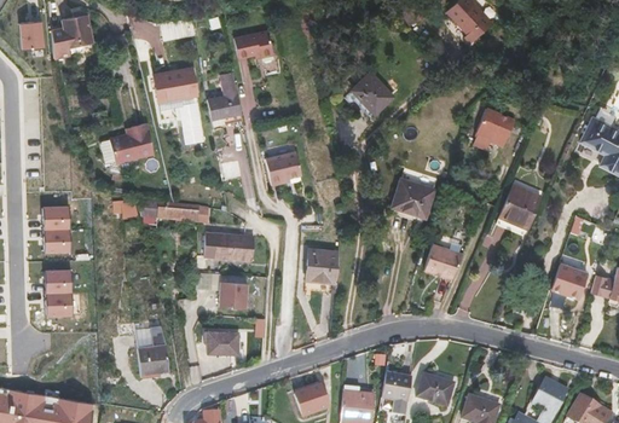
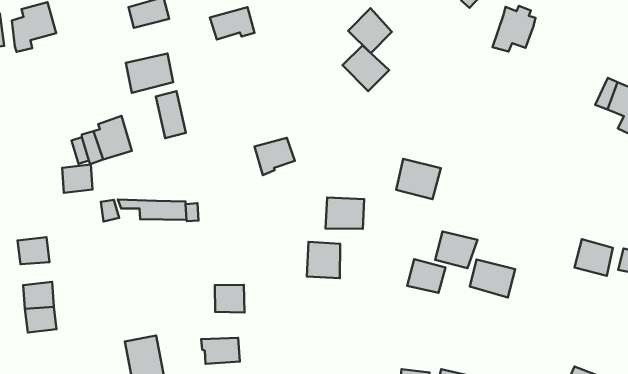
building: none -> [348,8,392,53]
building: [207,71,242,121] -> none
building: [473,108,514,149] -> [492,6,535,51]
building: [499,184,542,228] -> none
building: [44,205,70,230] -> [62,164,93,193]
building: none -> [326,197,364,229]
building: [203,231,255,261] -> none
building: none -> [407,259,445,293]
building: none -> [470,260,515,298]

